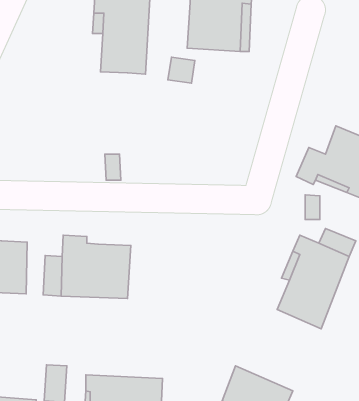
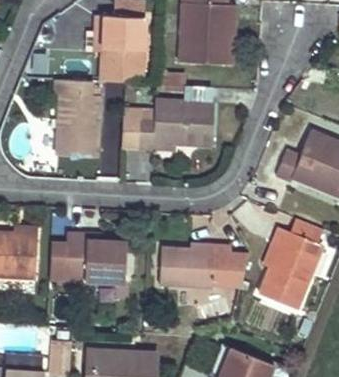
building: none -> [55,79,101,156]
building: none -> [138,99,214,147]
building: none -> [159,244,231,287]

